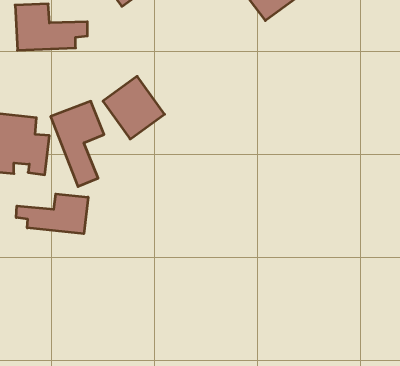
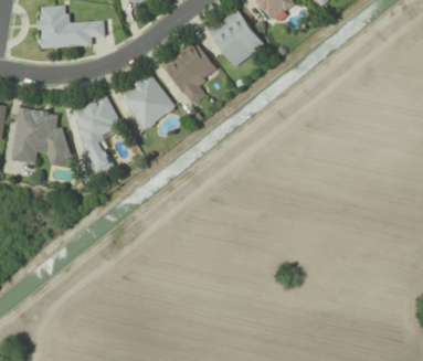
building: none -> [205,9,263,67]
building: none -> [162,41,216,106]
building: [16,194,88,234] -> none

